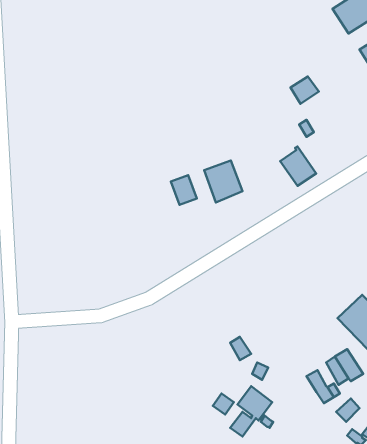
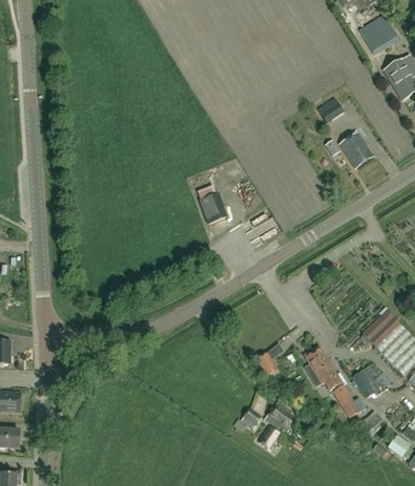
building: [280,146,316,186] -> [338,129,373,168]
building: [204,160,242,202] -> none
building: none -> [302,347,341,389]

